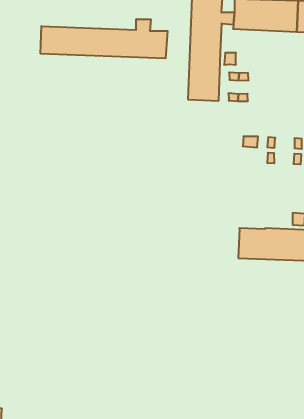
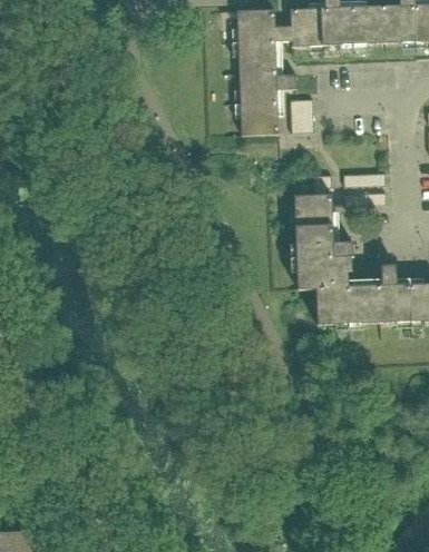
building: [41,19,168,58] -> none
building: none -> [294,194,353,288]

